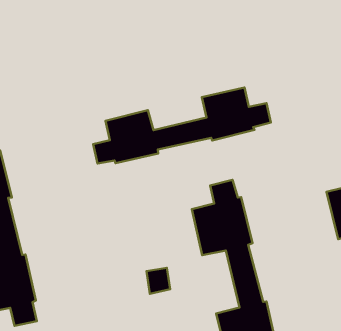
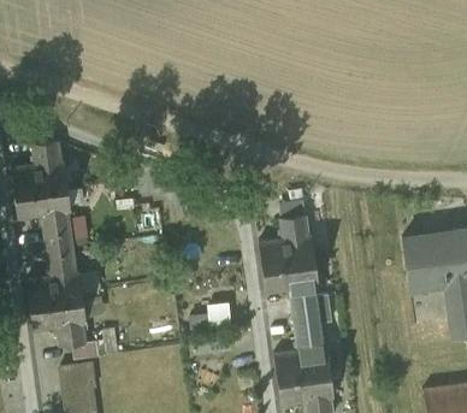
building: [93,88,271,164] -> none

